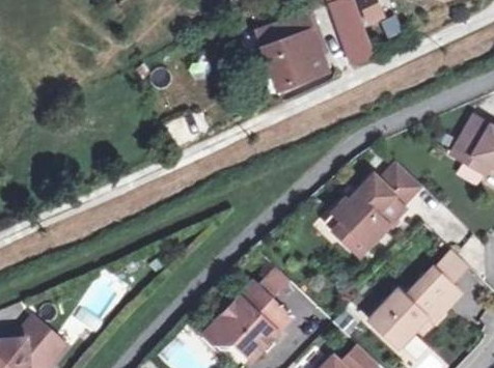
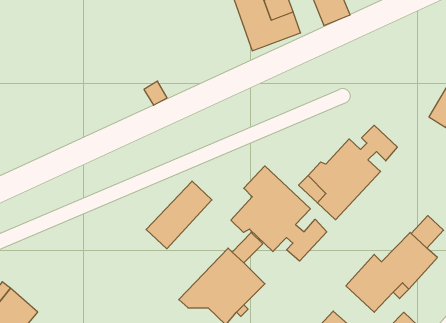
building: none -> [231,166,327,261]
building: none -> [146,181,212,249]

